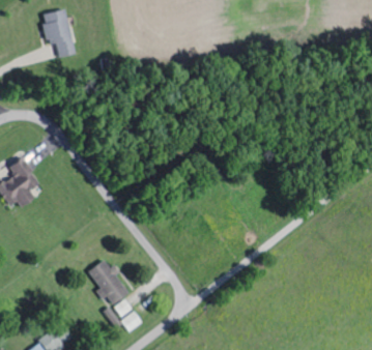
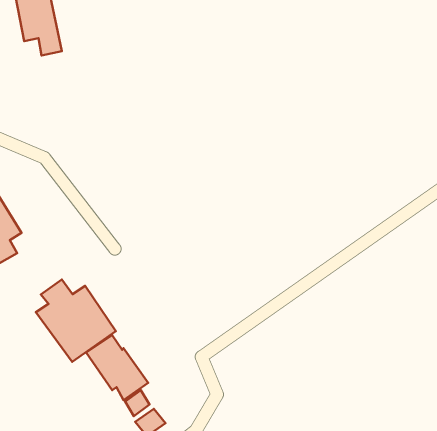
building: none -> [36,279,116,362]

